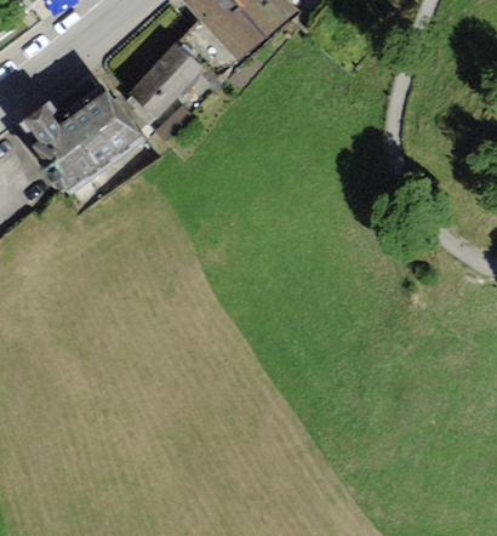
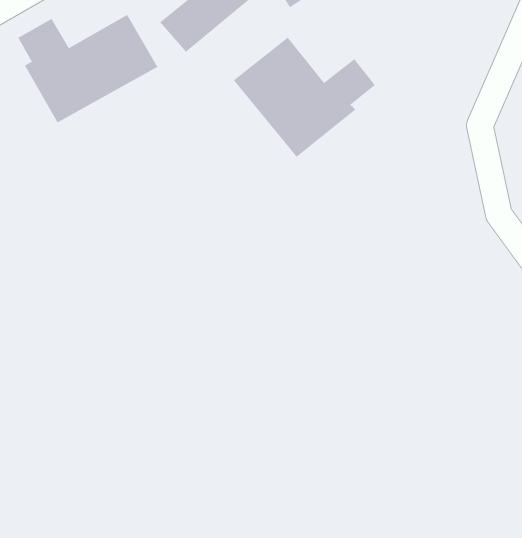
building: none -> [233,36,376,158]

